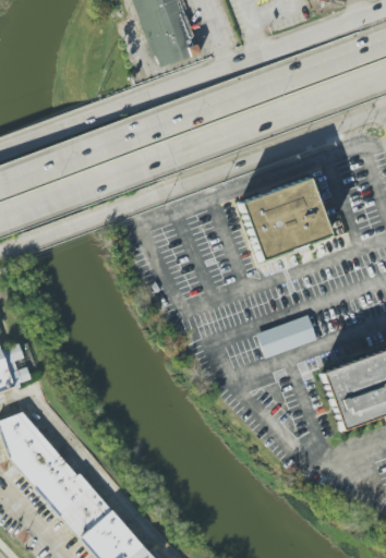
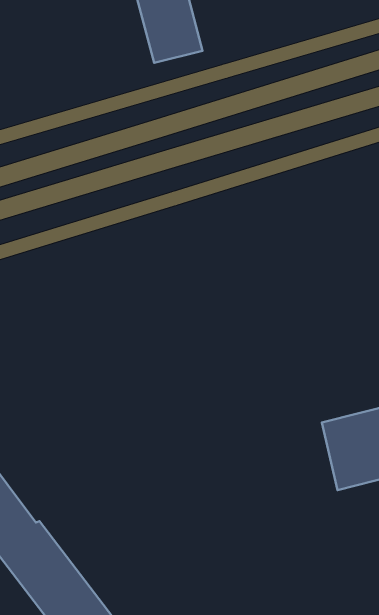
building: [240,178,328,260] -> none
building: [256,315,316,357] -> none

